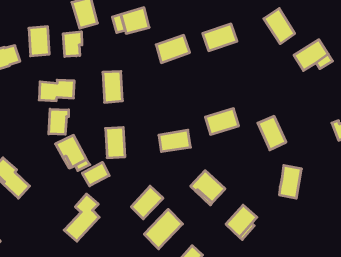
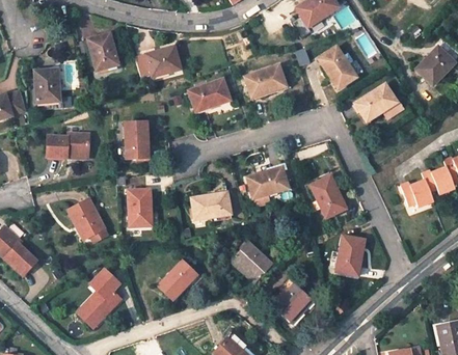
building: [63,32,82,57] -> none
building: [49,109,69,134] -> none
building: [82,162,109,186] -> none
building: [144,209,183,249] -> none

